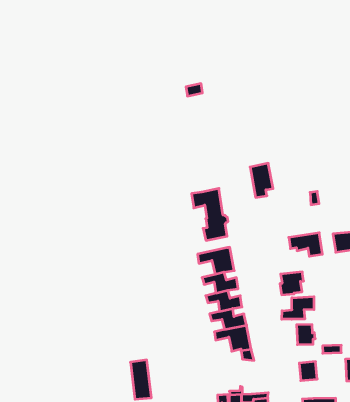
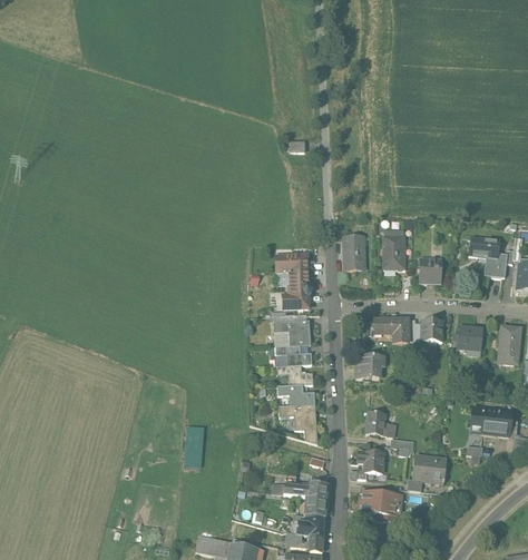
building: none -> [383,237,403,268]
building: none -> [418,261,440,284]
building: [282,297,314,319] -> none

